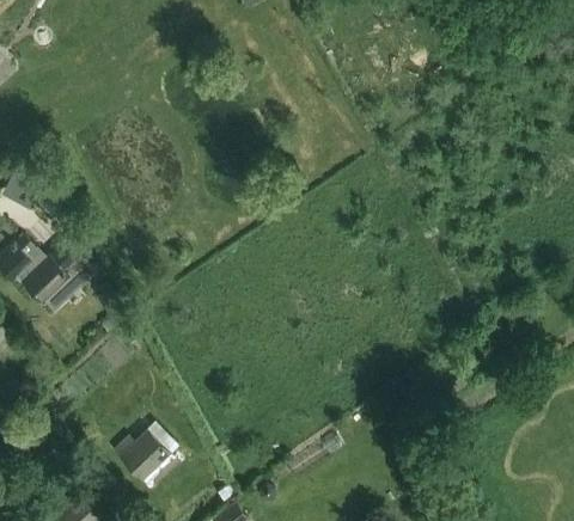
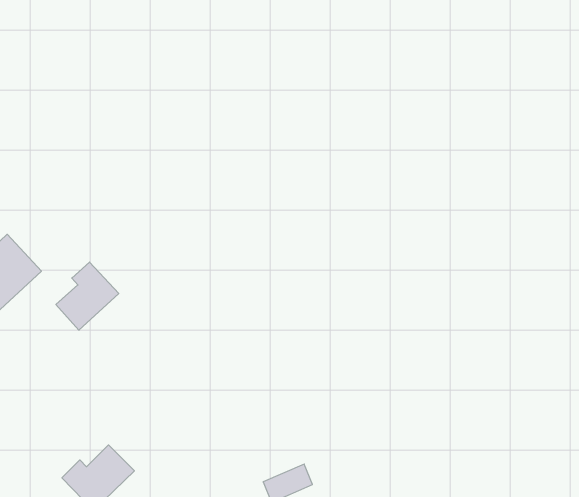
building: none -> [56,262,119,330]

